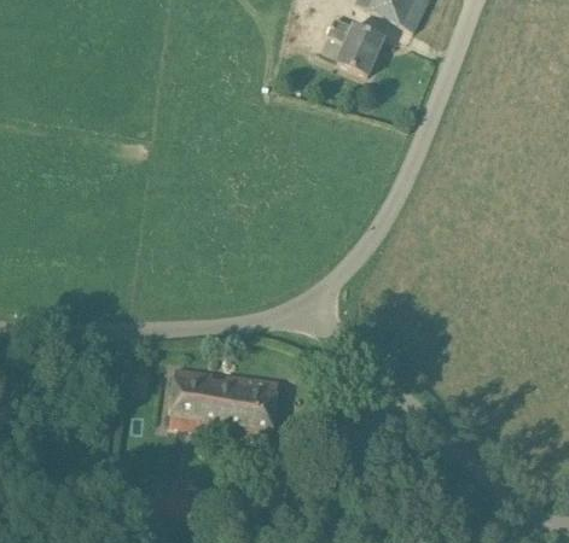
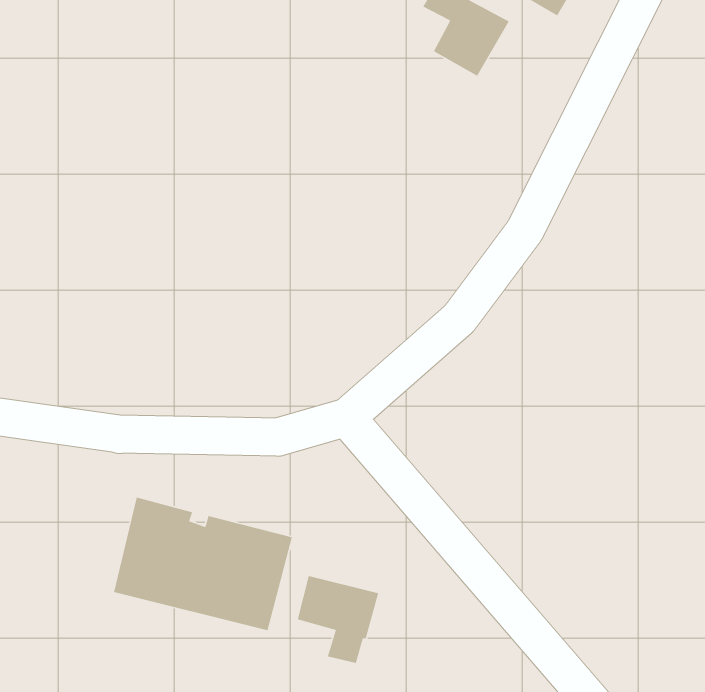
building: none -> [297,575,379,664]

